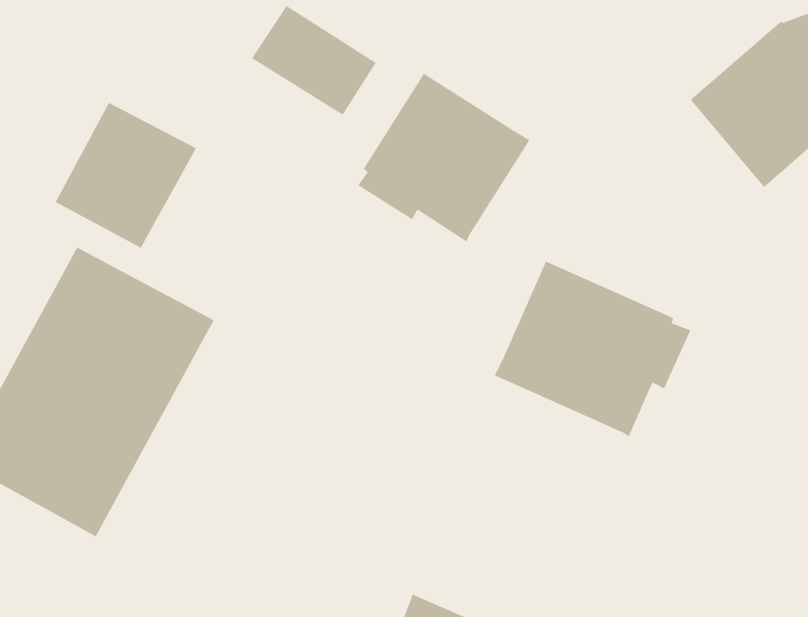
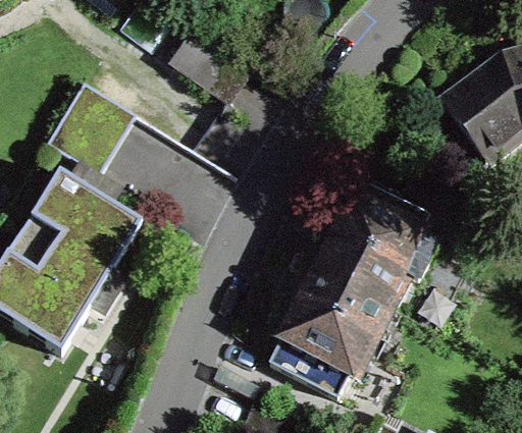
building: [357,73,530,242] -> none
building: none -> [270,263,392,394]

